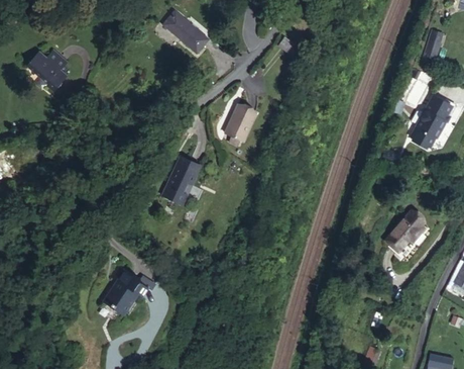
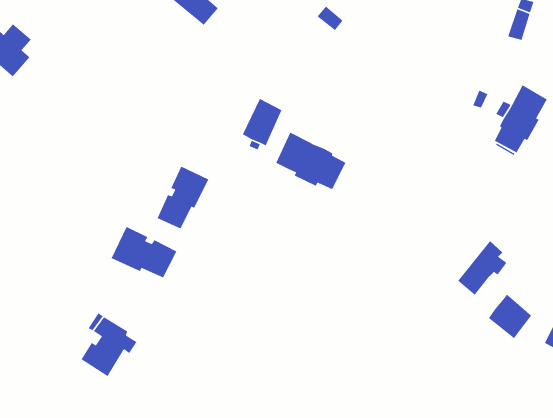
building: none -> [275,132,346,190]
building: none -> [111,226,177,279]
building: none -> [488,294,532,339]

